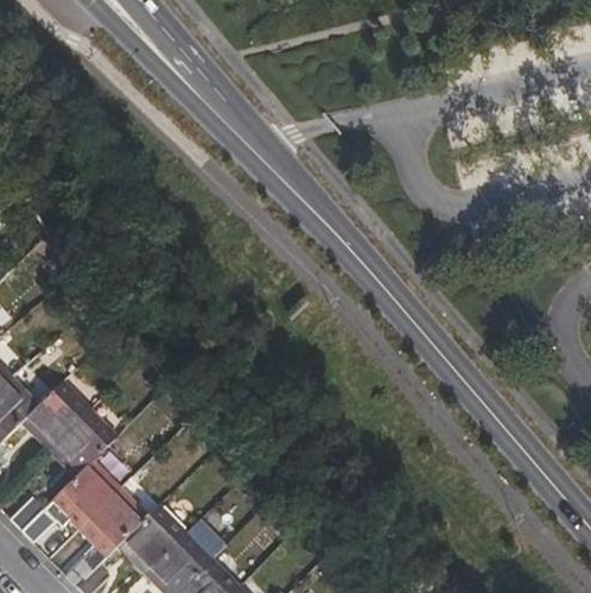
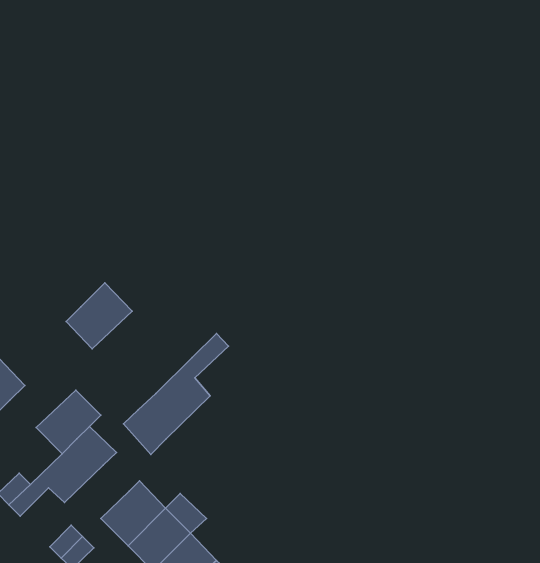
building: none -> [123,333,229,454]
building: [21,380,90,449] -> [66,283,132,349]
building: [78,488,146,556] -> none

